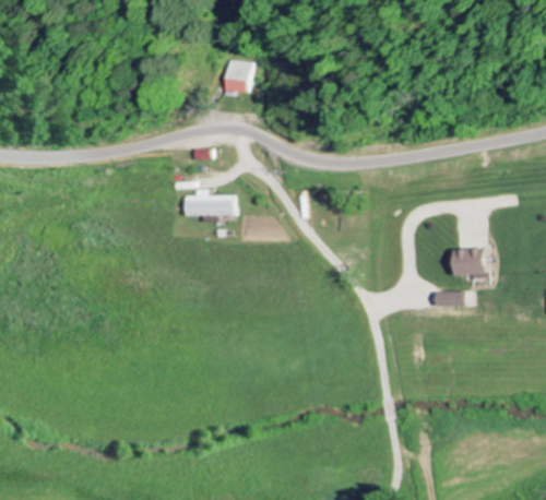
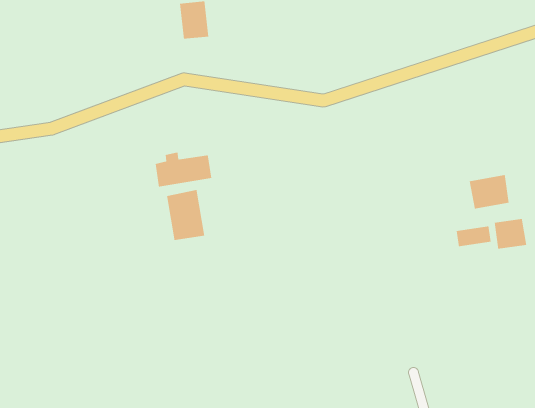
building: none -> [166,189,205,241]
building: none -> [494,218,527,250]

